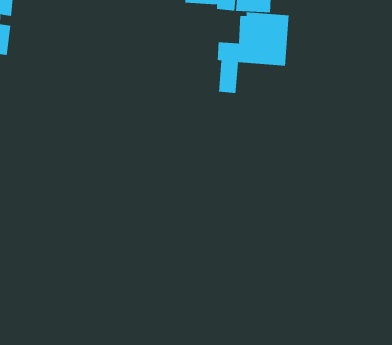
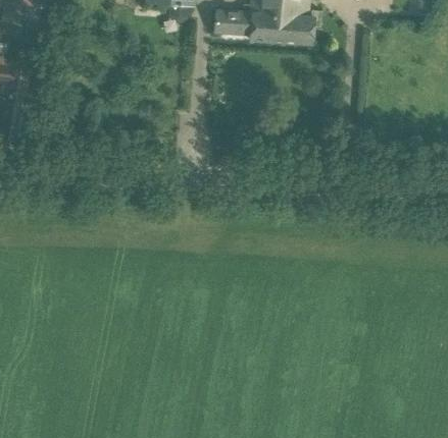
building: [217,12,289,94] -> none

